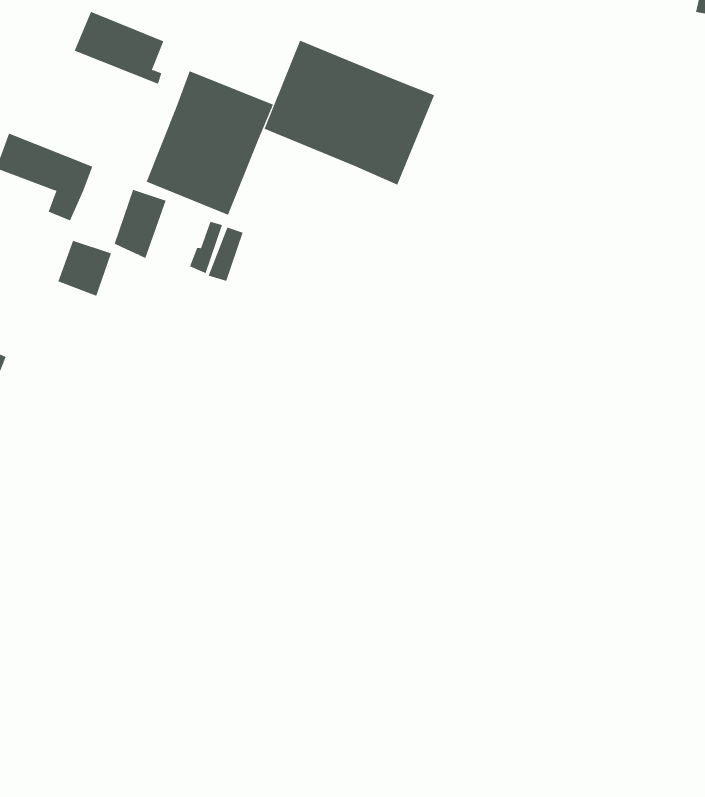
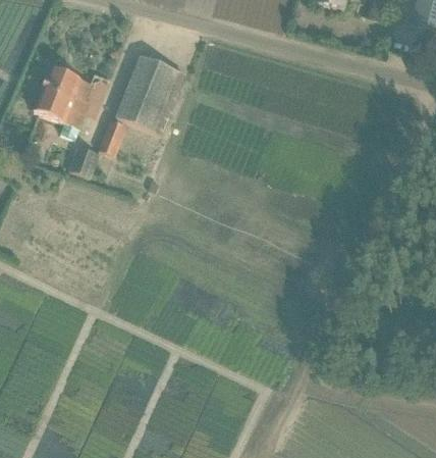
building: [74,11,164,85] -> [44,65,93,105]
building: [264,40,435,185] -> none

